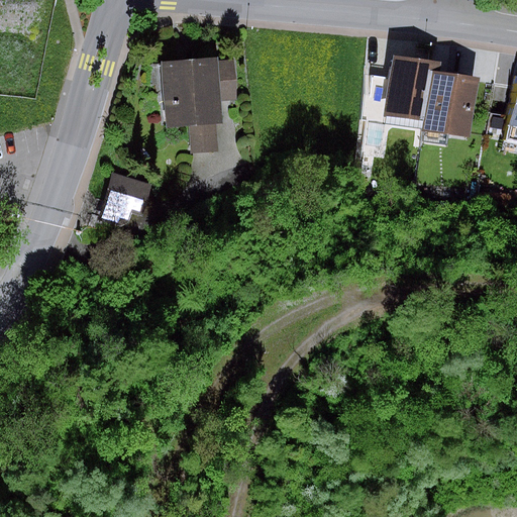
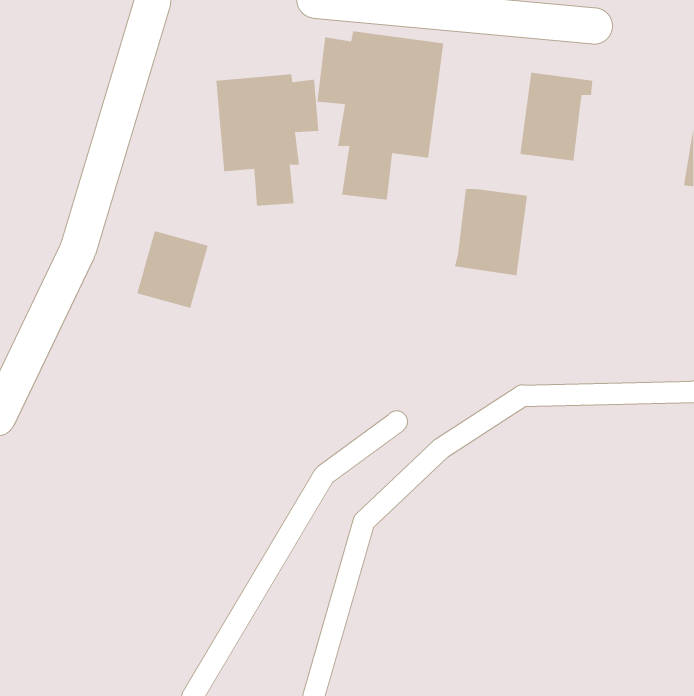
building: none -> [317,31,444,200]
building: [423,72,478,136] -> [454,189,528,276]

